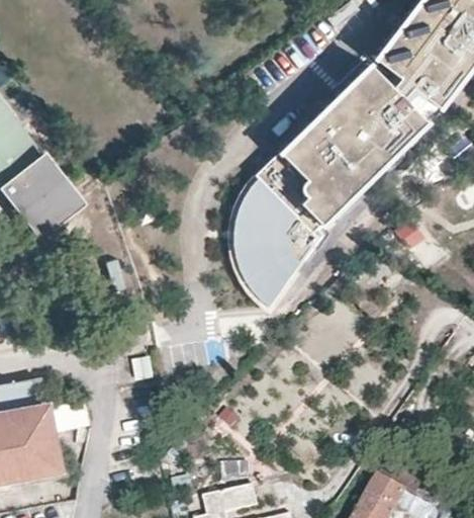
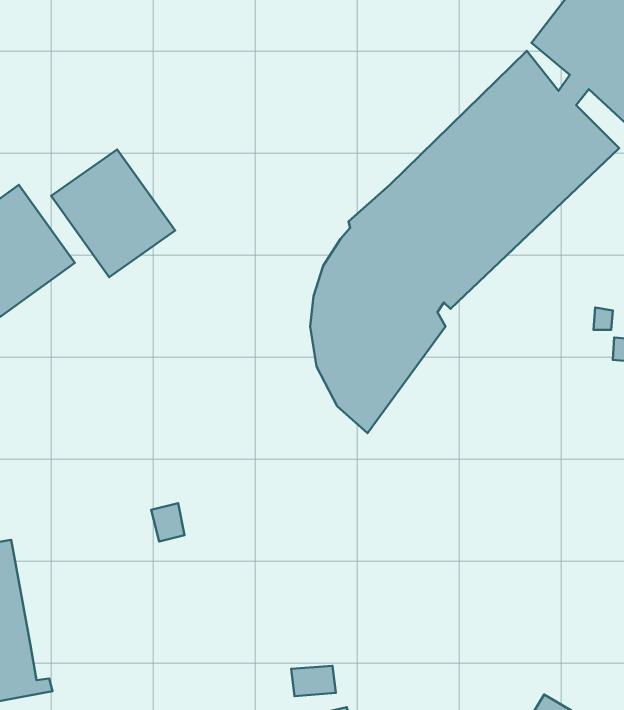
building: none -> [51,149,175,277]

